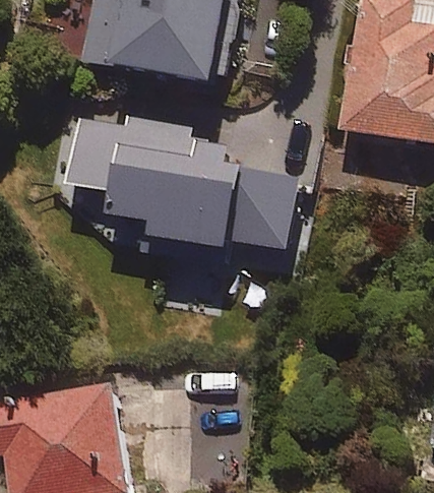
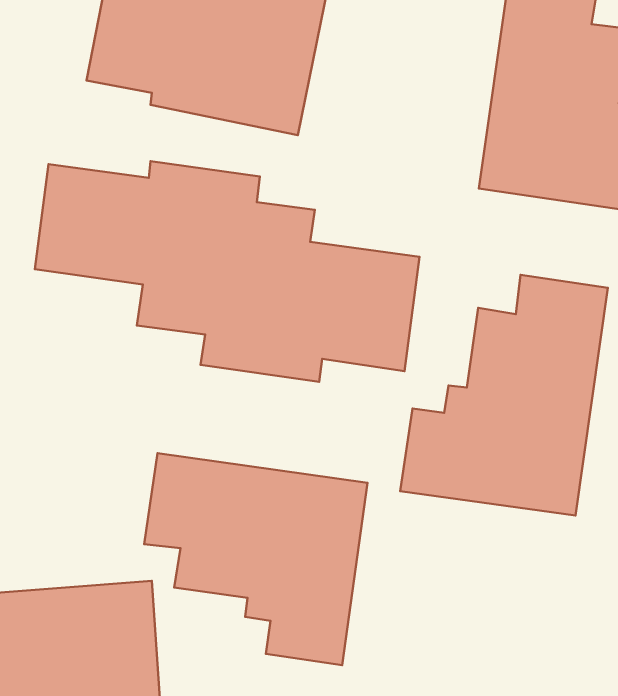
building: none -> [400,275,608,516]
building: none -> [144,453,367,665]

